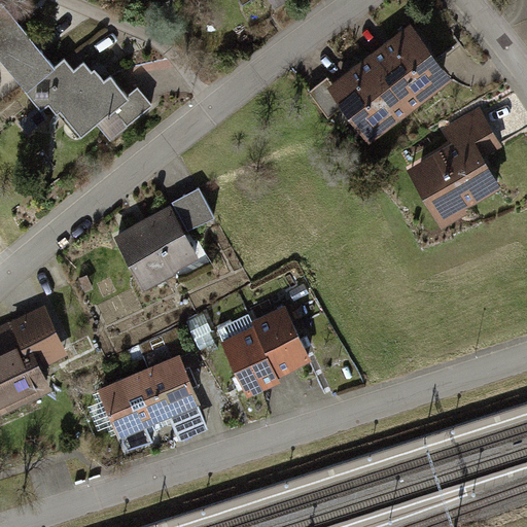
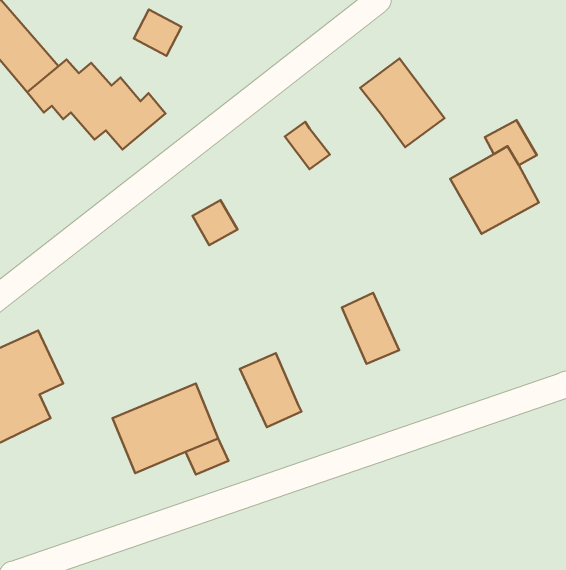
building: none -> [134,9,182,56]
building: [365,28,446,112] -> none
building: [307,78,348,121] -> [285,122,330,169]
building: [113,207,194,286] -> none
building: [250,310,303,375] -> [342,293,399,364]

